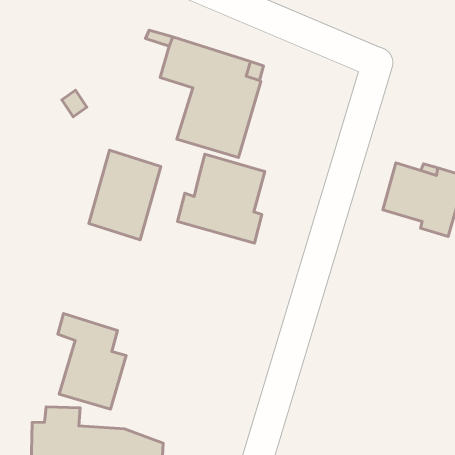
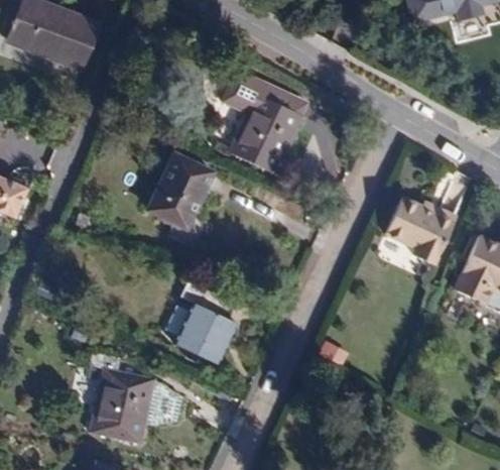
building: [178,154,265,243] -> none
building: [58,313,126,409] -> [176,281,235,364]

